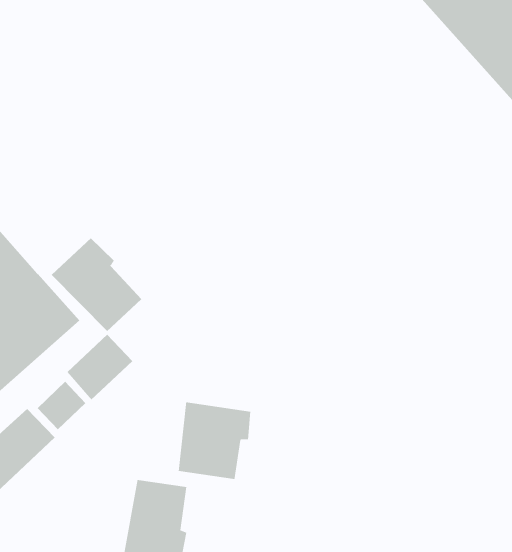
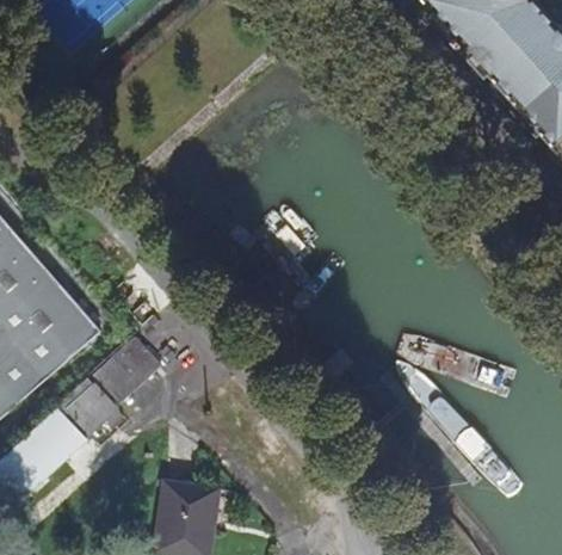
building: [51,237,142,332] -> none
building: [178,401,251,480] -> none

